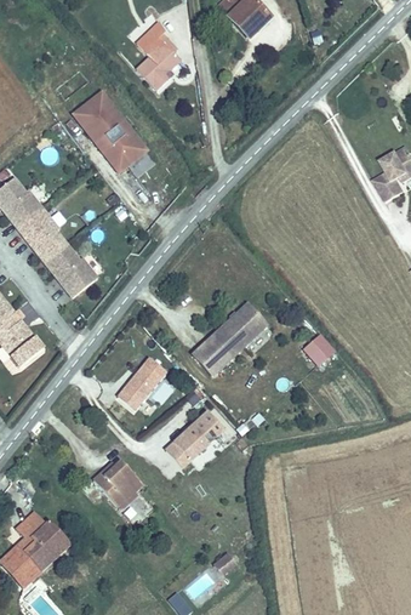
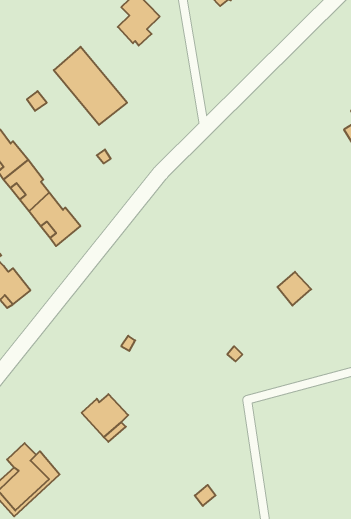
building: [196,300,270,371] -> none
building: [120,351,167,403] -> none
building: [167,405,226,462] -> none

